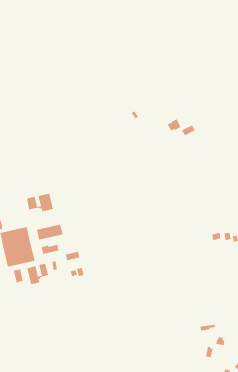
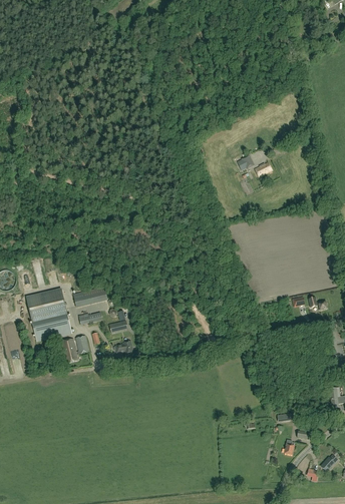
building: [26,193,53,212] -> none

